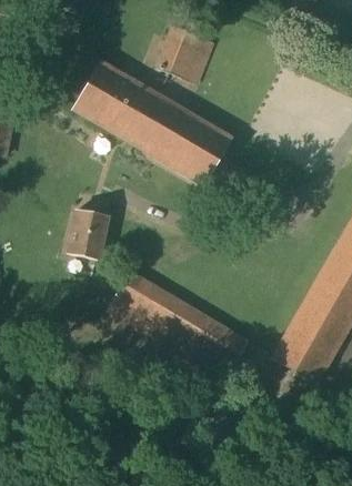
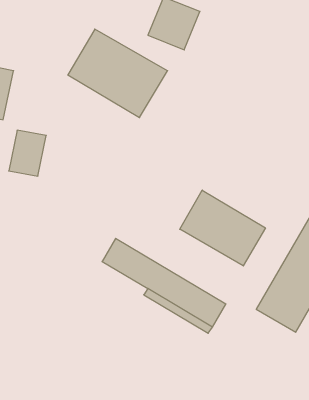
building: [150,102,233,183] -> none
building: [69,207,109,256] -> [9,130,46,176]
building: none -> [180,190,265,266]

